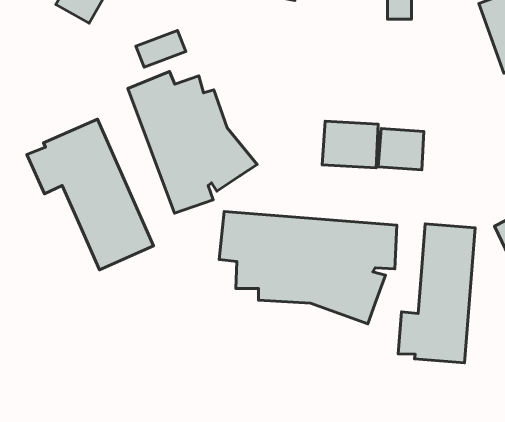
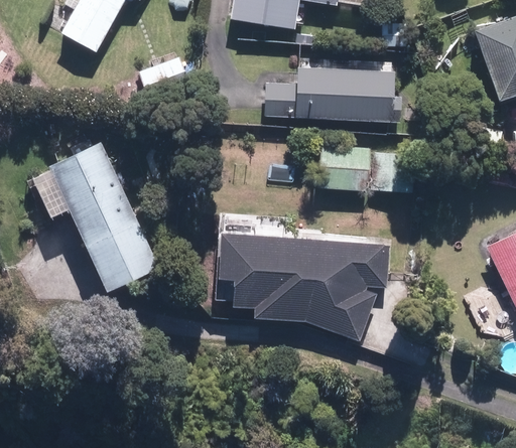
building: none -> [266,66,401,121]
building: [128,71,257,213] -> none
building: [398,224,475,363] -> none

